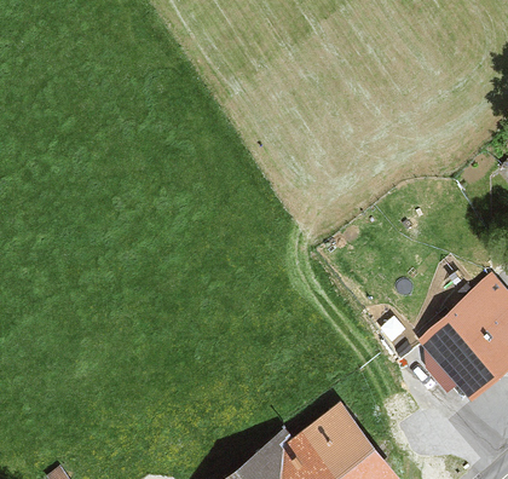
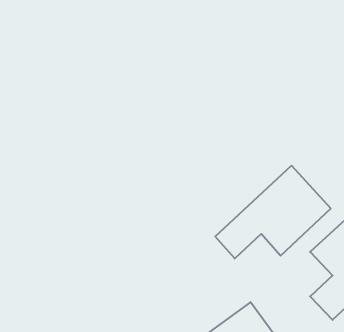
building: none -> [215,166,331,259]

